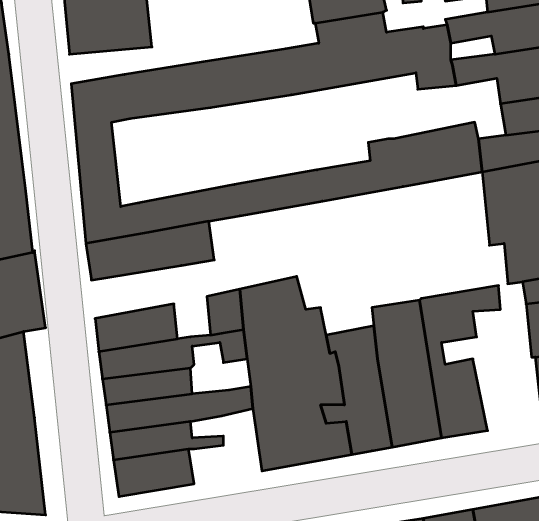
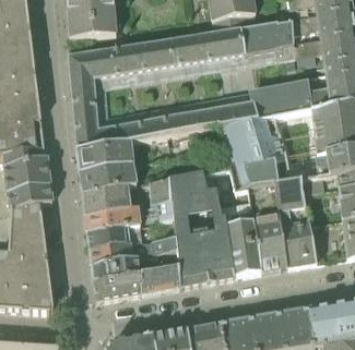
building: none -> [217,114,283,190]
building: none -> [80,162,138,194]
building: none -> [138,248,181,292]

